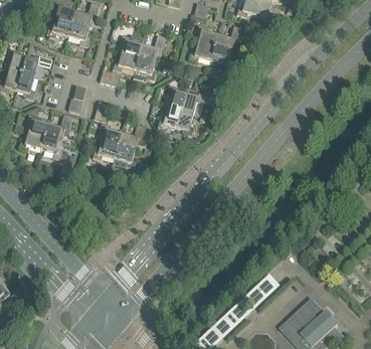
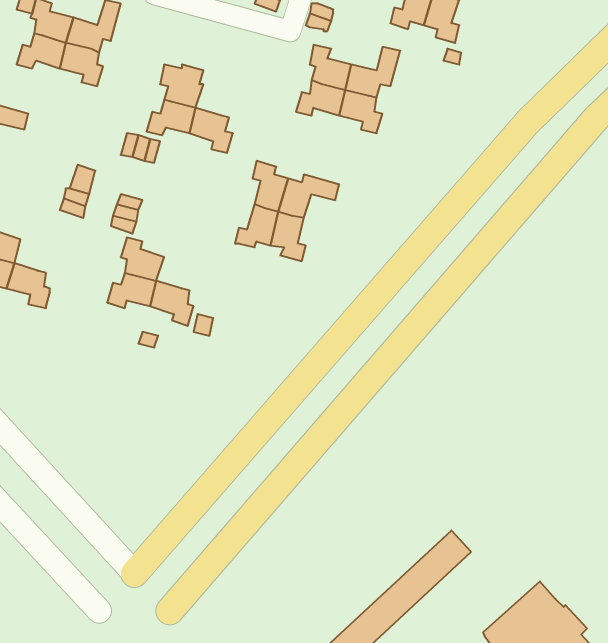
building: [138,36,166,62] -> none
building: [45,116,72,142] -> none
building: [118,125,146,151] -> none

